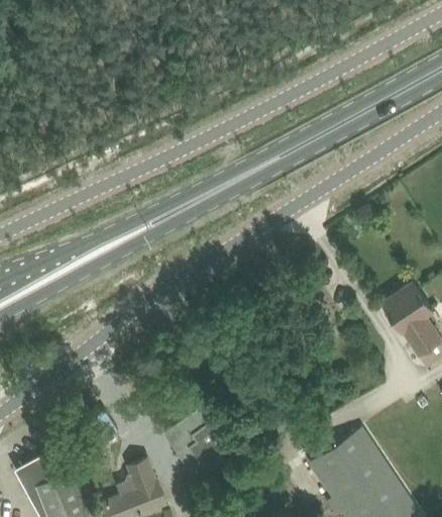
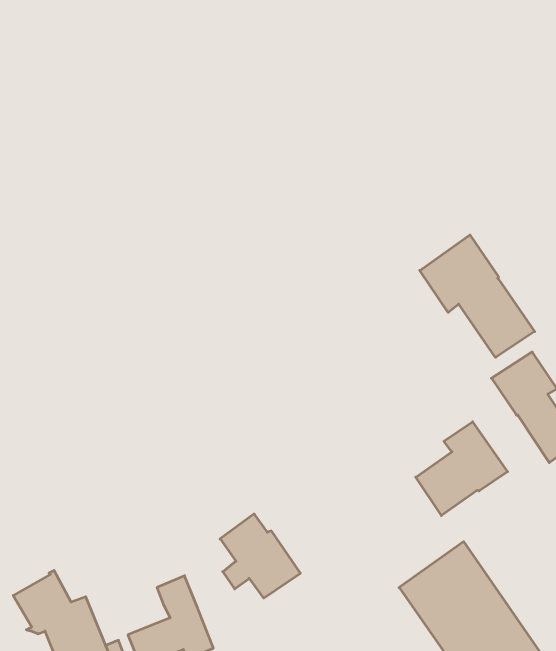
building: none -> [420,235,535,357]
building: none -> [416,422,508,516]

